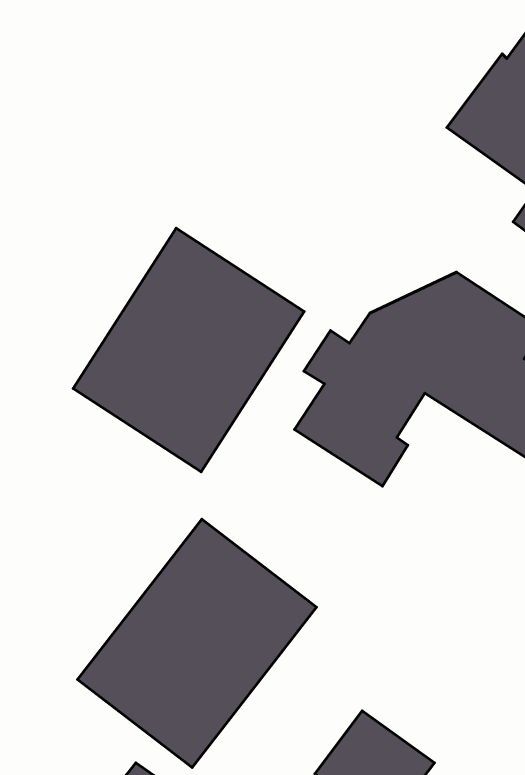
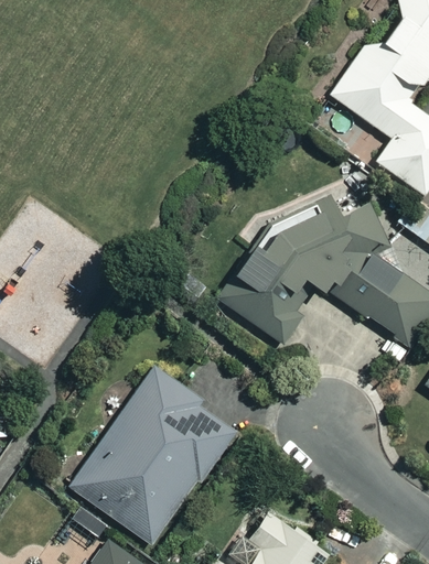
building: [73,228,304,472] -> none

